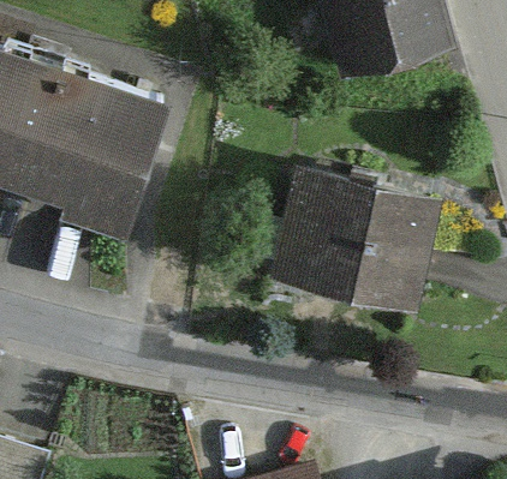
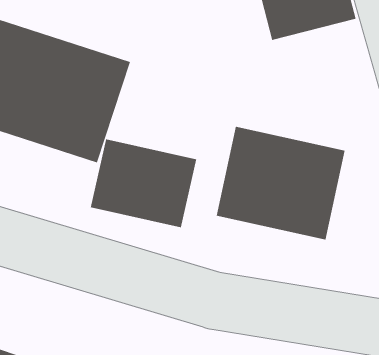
building: none -> [90,139,197,228]

